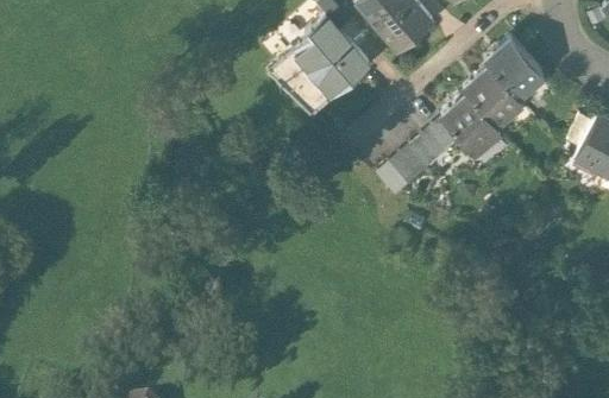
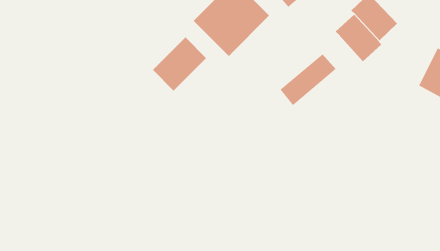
building: [442,87,507,151] -> none
building: none -> [152,36,207,91]

